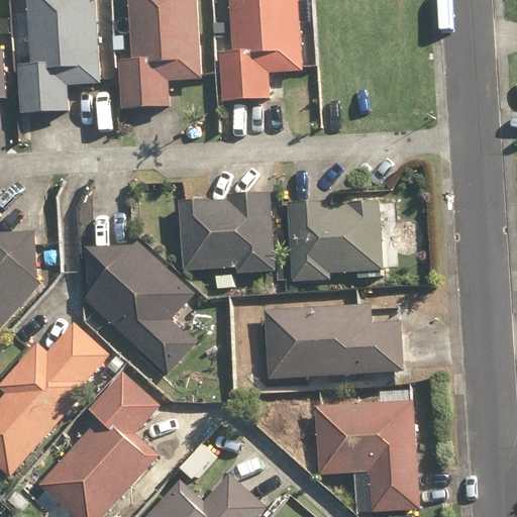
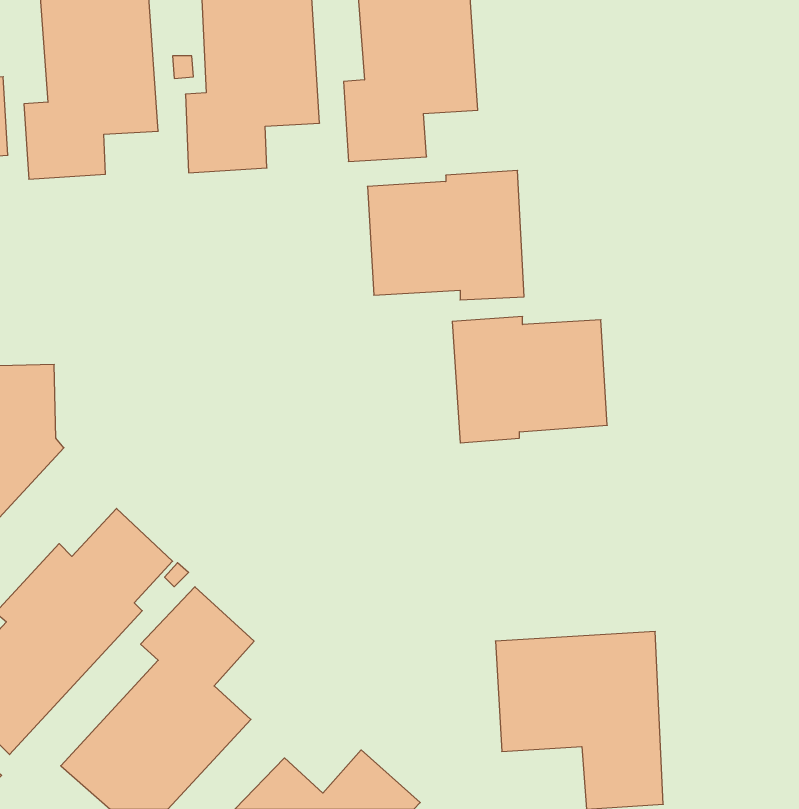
building: [177,191,276,273] -> [367,170,524,300]
building: [84,240,195,374] -> none
building: [262,302,404,379] -> none

